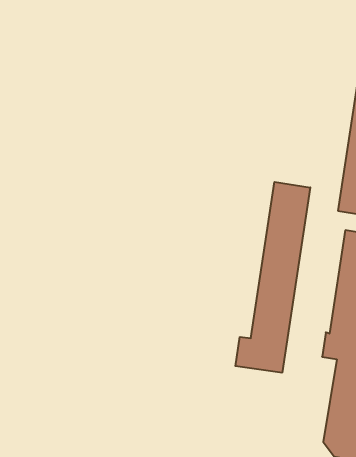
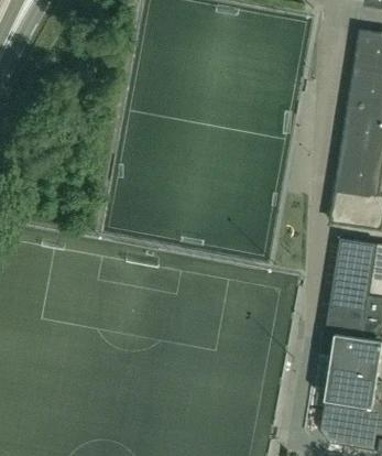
building: [235,182,310,373] -> none

